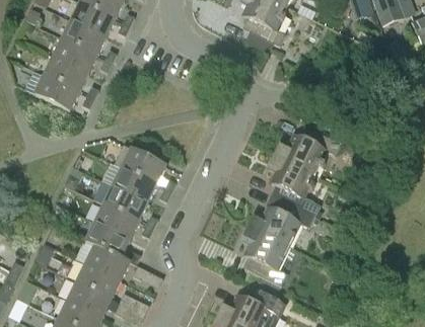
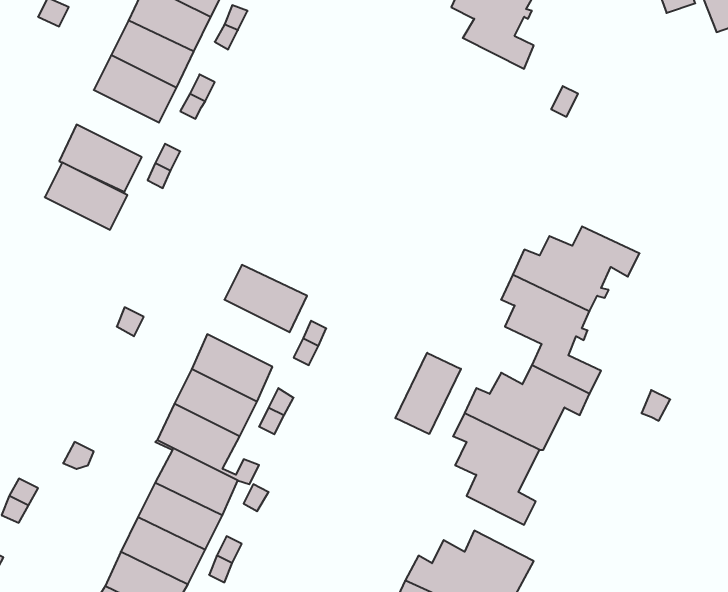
building: [44,57,87,92] -> [45,162,127,230]
building: [113,167,156,202] -> none
building: none -> [395,353,461,434]

